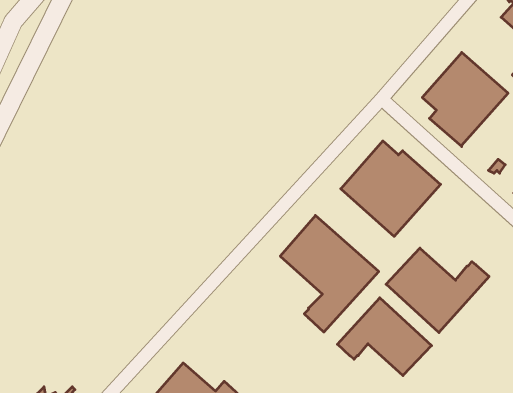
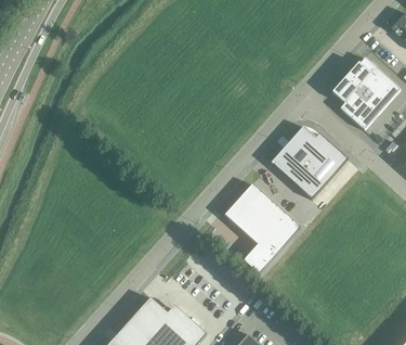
building: [386,248,489,333] -> none
building: [337,298,432,376] -> none

